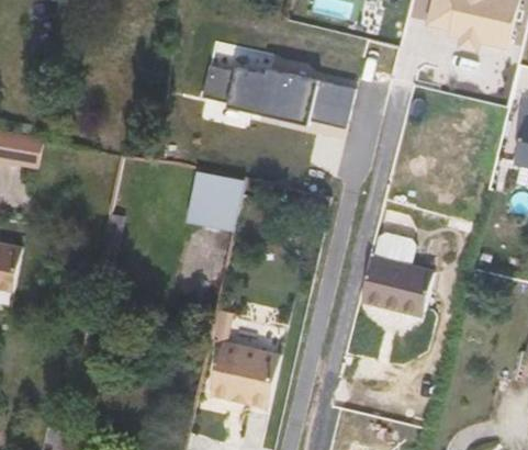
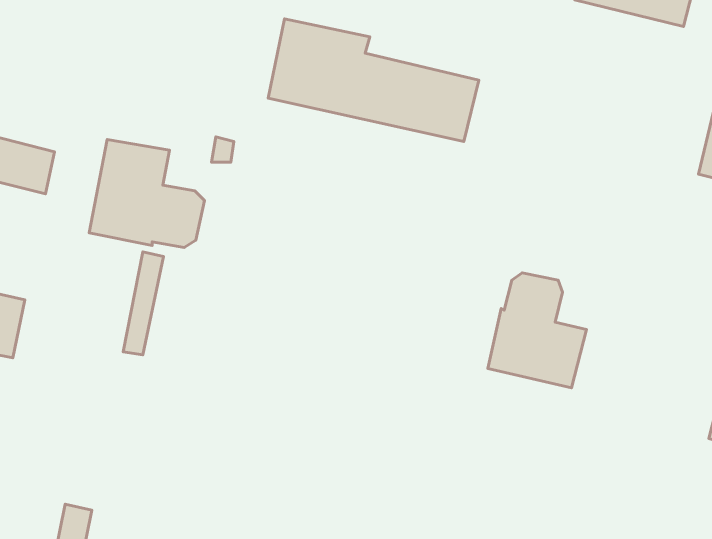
building: none -> [89,140,204,247]
building: [187,172,244,229] -> none
building: [207,341,279,408] -> none

